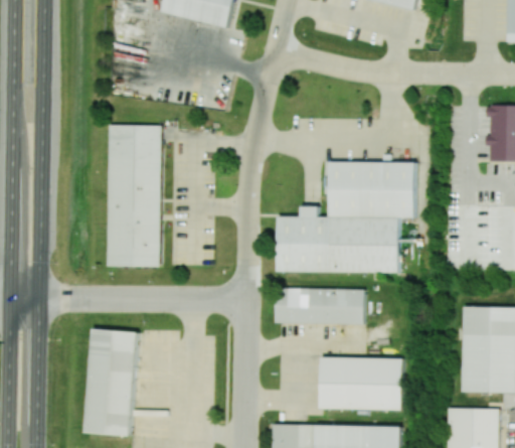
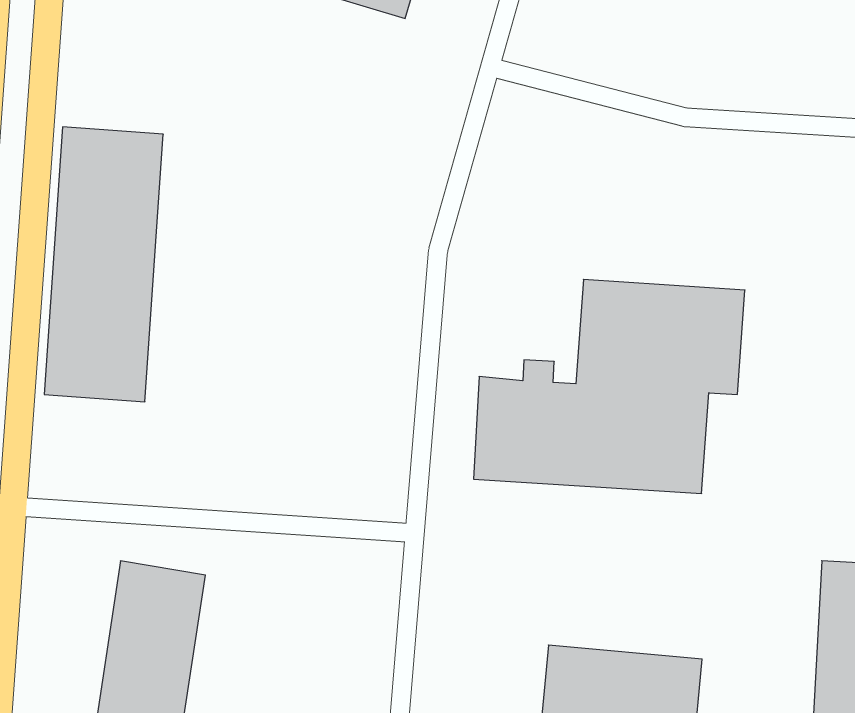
building: [108,125,163,268] -> [44,127,163,402]
building: [275,288,363,324] -> none

